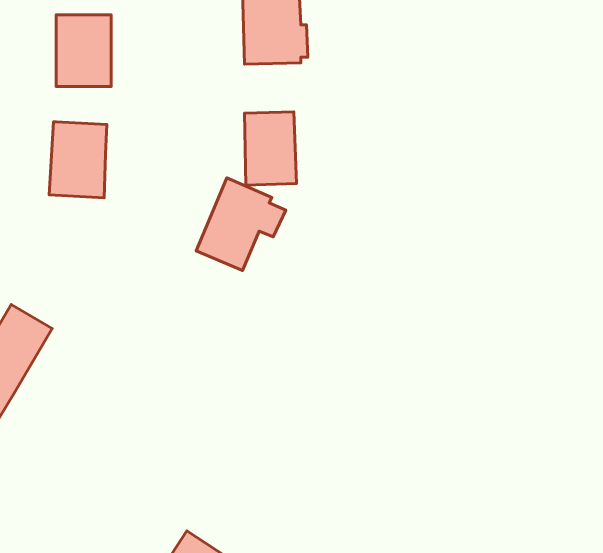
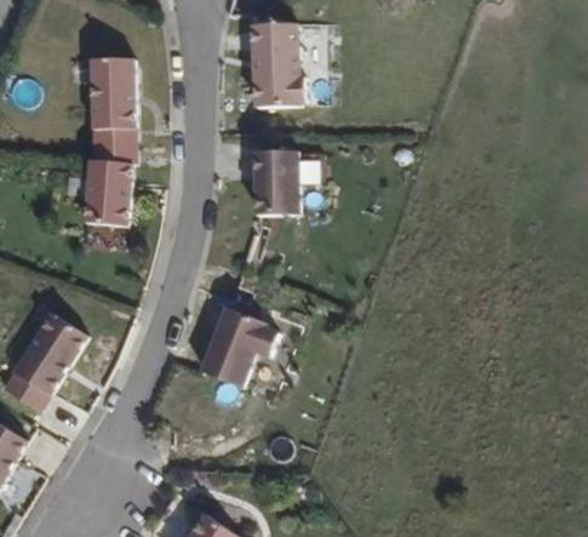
building: none -> [90,126,138,159]
building: [196,178,286,270] -> [199,305,276,385]

